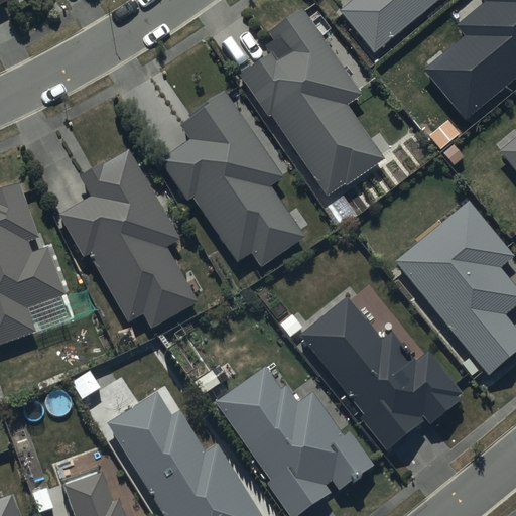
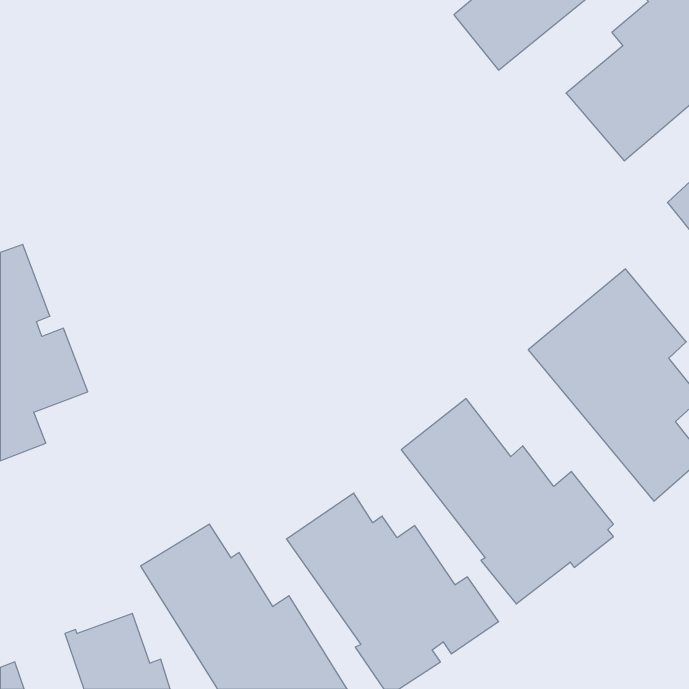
building: [239,8,384,196] -> none
building: [159,92,304,267] -> none
building: [58,150,198,330] -> none

